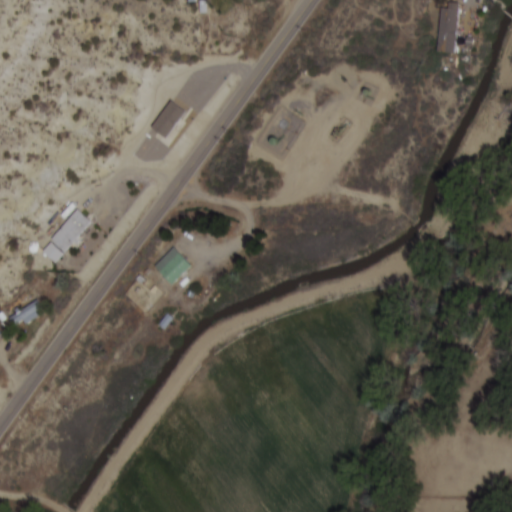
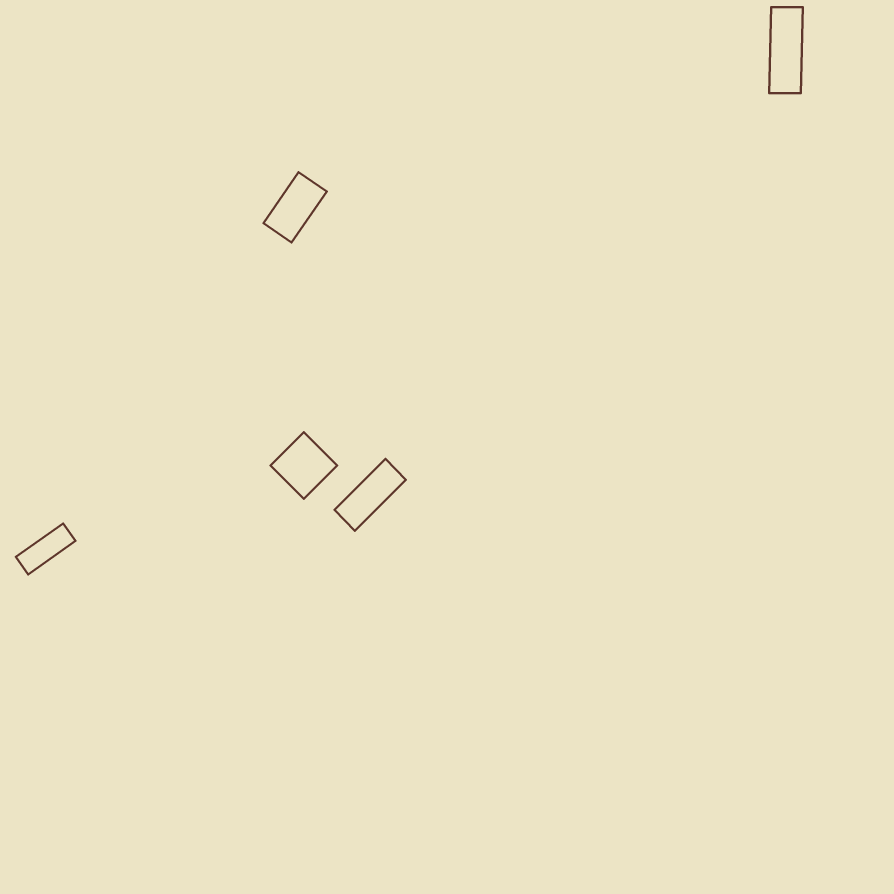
building: [41,207,93,263] -> none
building: none -> [334,459,406,531]

